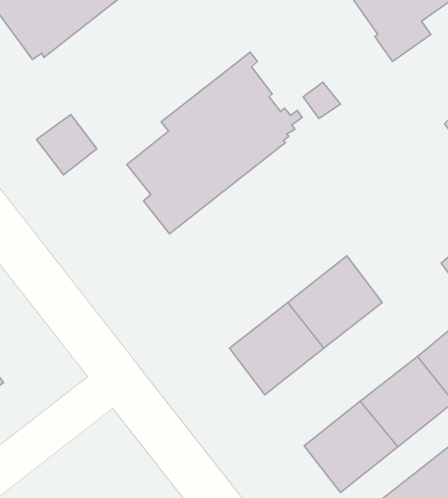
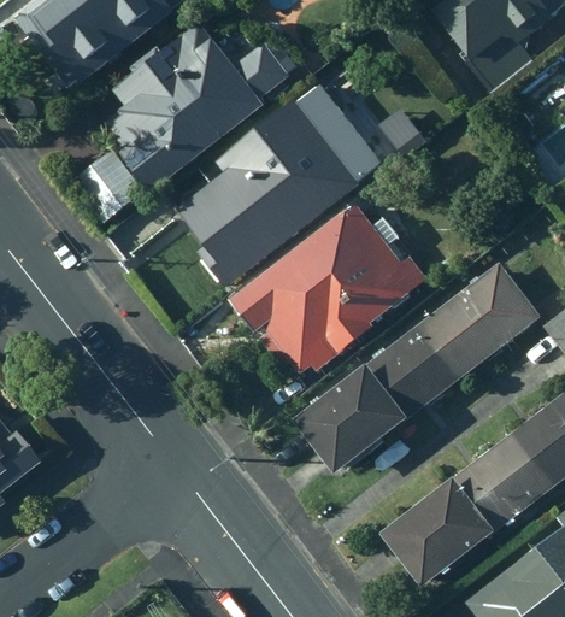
building: none -> [106,23,295,190]
building: none -> [231,202,426,371]
building: none -> [432,260,542,368]

